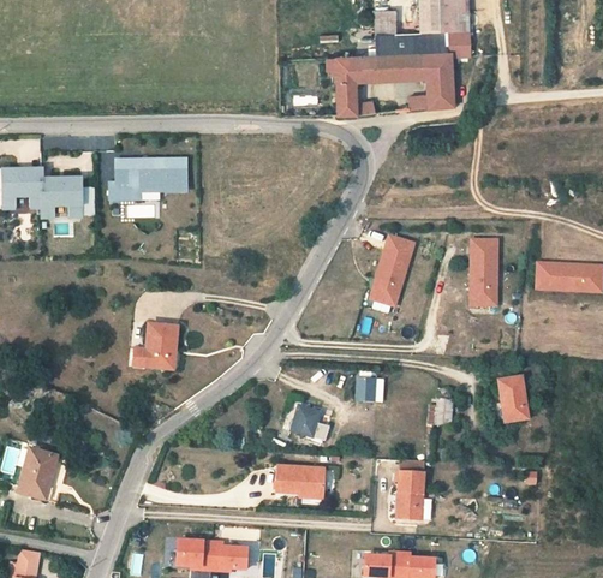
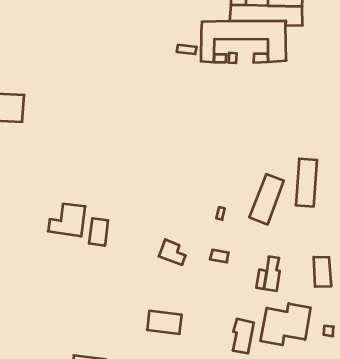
building: [111,160,186,199] -> none
building: [370,237,414,306] -> [249,174,284,224]
building: none -> [89,218,108,246]
building: [293,405,330,439] -> [159,239,186,265]
building: none -> [261,303,310,345]

